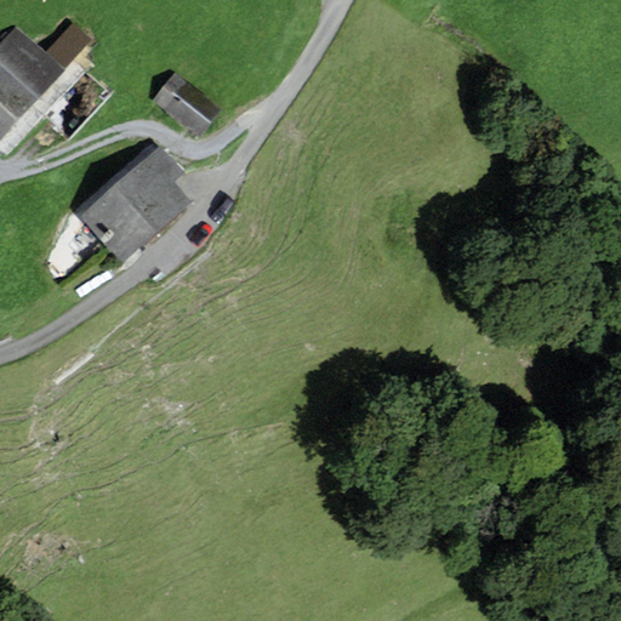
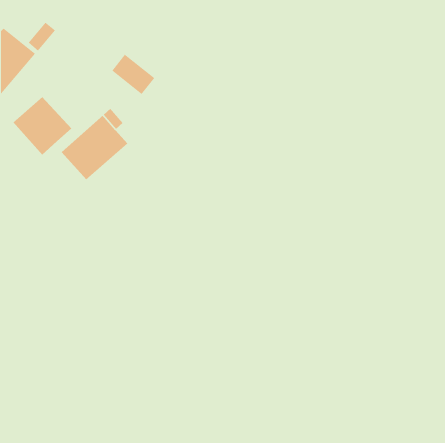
building: none -> [12,96,72,155]

